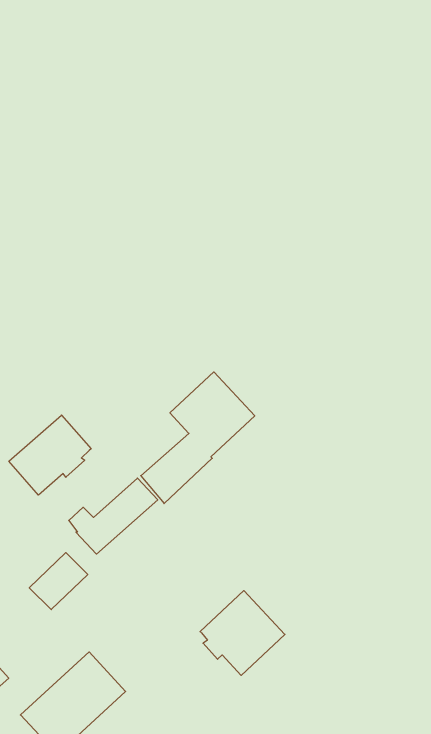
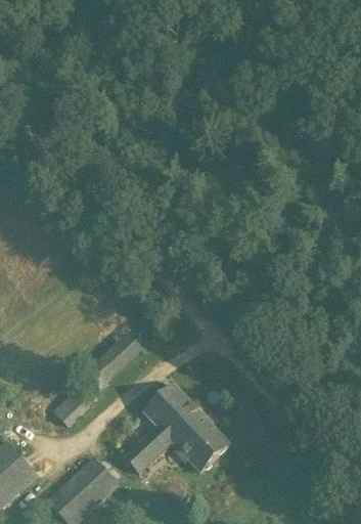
building: [141,372,255,504] -> [123,383,202,475]
building: [9,415,91,495] -> none

